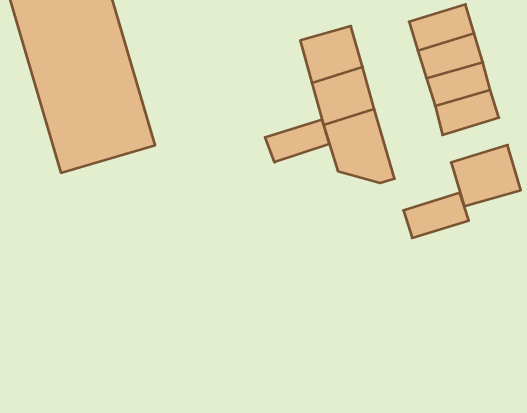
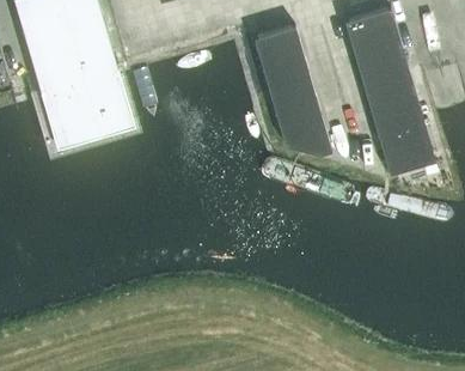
building: [265,120,329,162] -> none
building: [403,193,469,238] -> [372,103,426,140]

